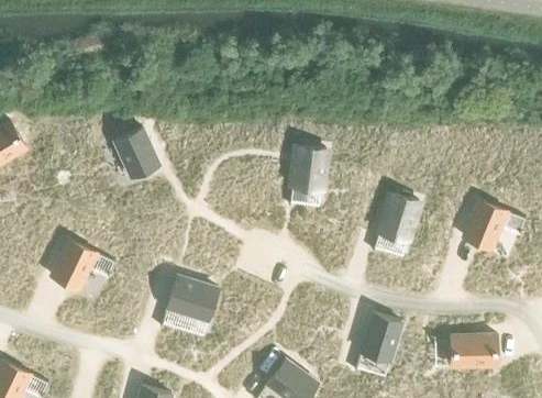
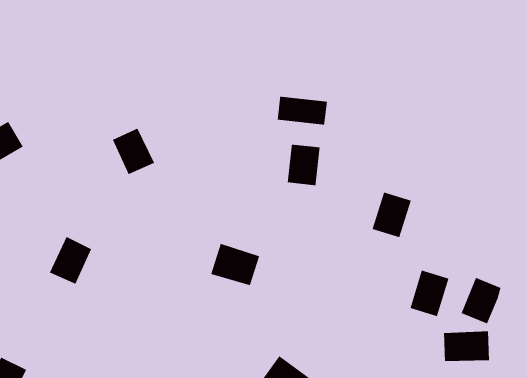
building: none -> [277,96,328,126]
building: [464,202,506,251] -> [460,277,502,324]
building: [168,278,219,322] -> [210,243,260,286]
building: [361,314,401,363] -> [409,269,450,317]

